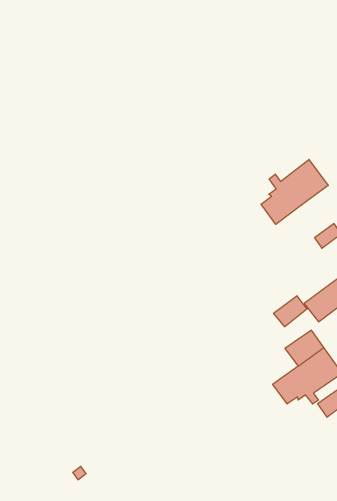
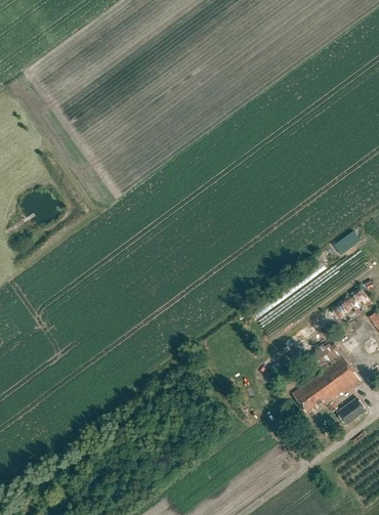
building: [261,159,328,224] -> none
building: [274,296,307,327] -> none

